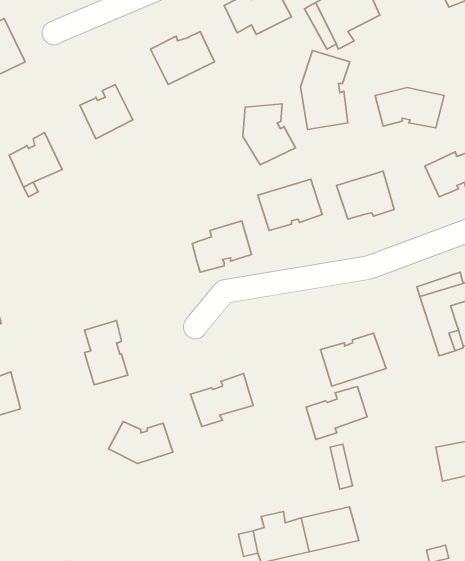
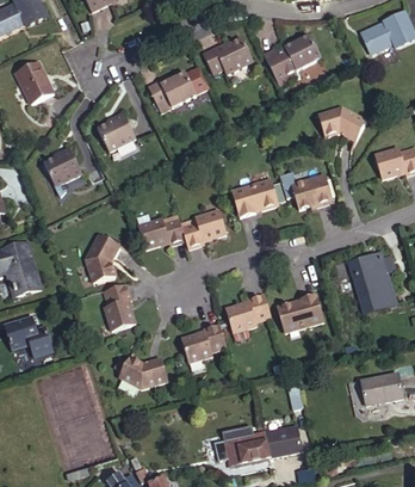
building: [300,50,350,130] -> none
building: [243,104,295,165] -> none
building: none -> [136,218,184,251]
building: none -> [82,236,114,284]
building: [306,386,367,439] -> [224,295,270,334]

